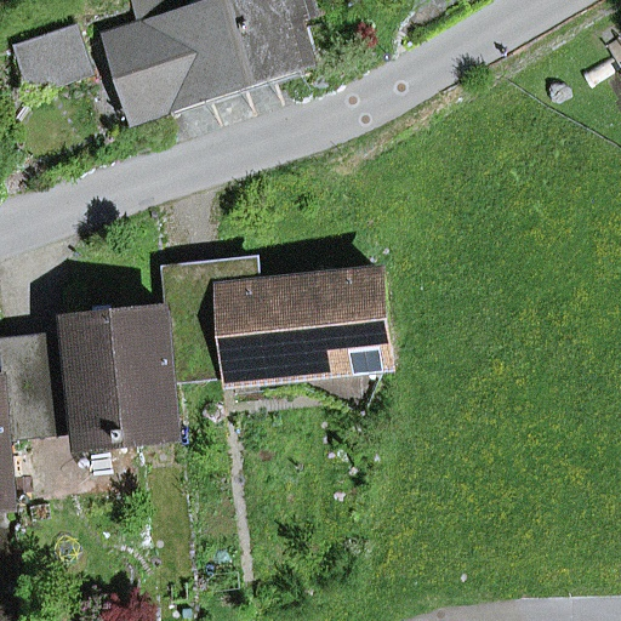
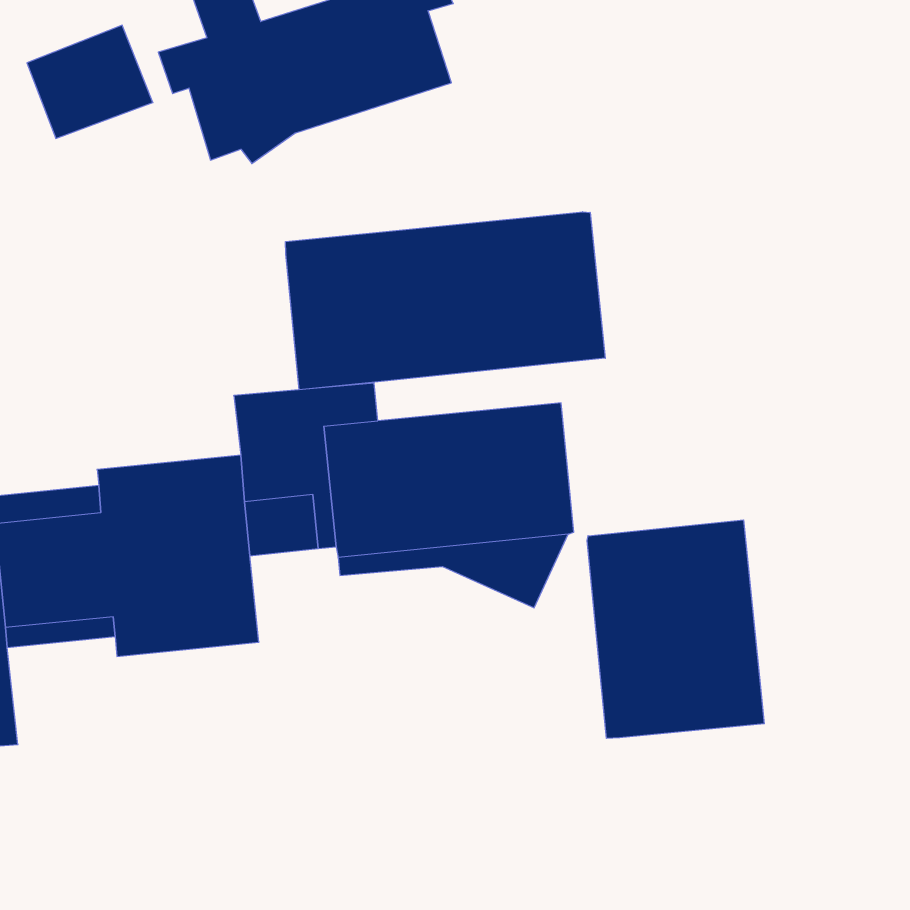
building: none -> [286,212,605,390]
building: none -> [587,520,764,738]

